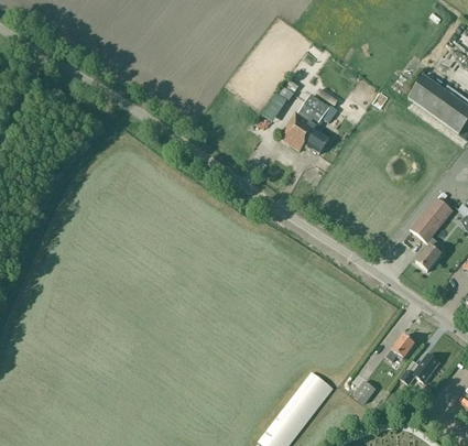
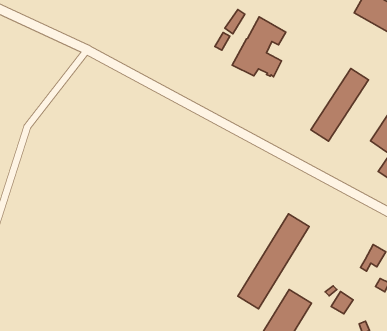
building: none -> [311,68,369,141]
building: none -> [238,214,309,309]

